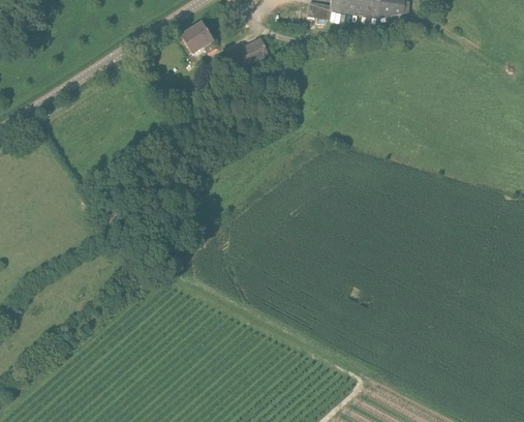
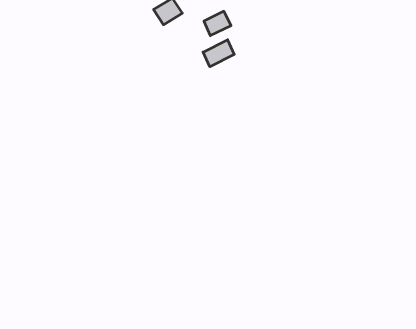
building: none -> [203,40,234,67]

